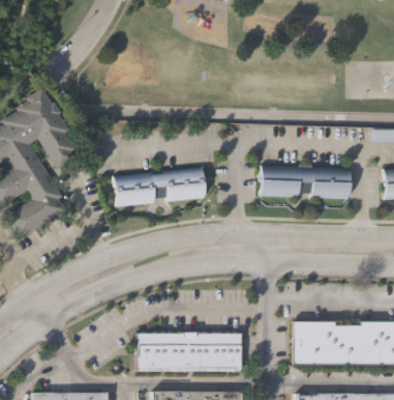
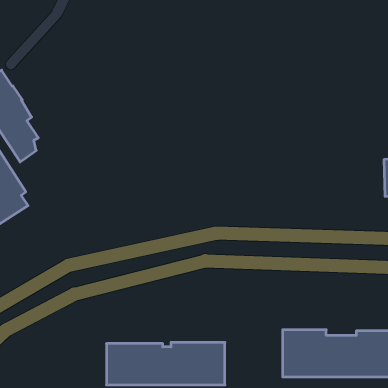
building: [262,165,351,199] -> none
building: [114,168,204,201] -> none

